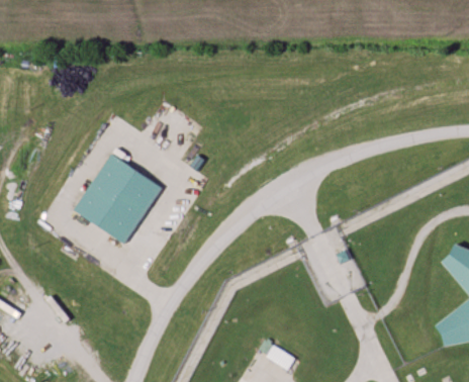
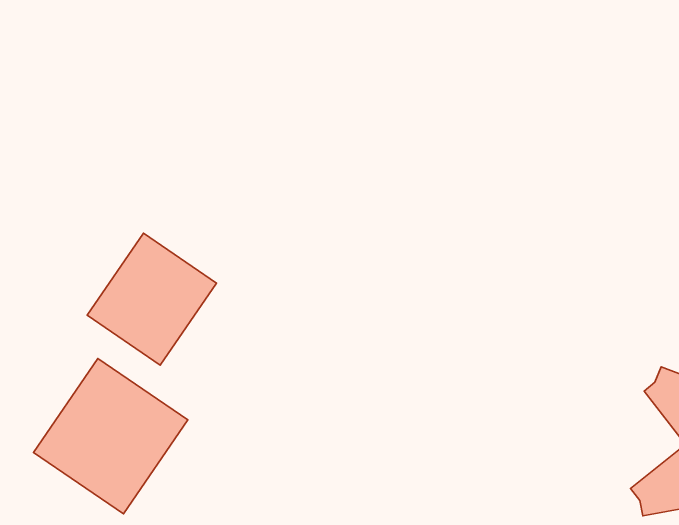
building: none -> [33,358,188,514]

